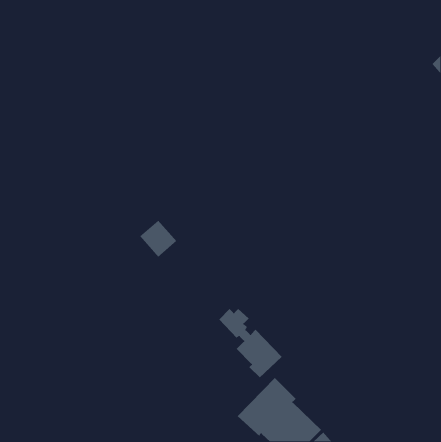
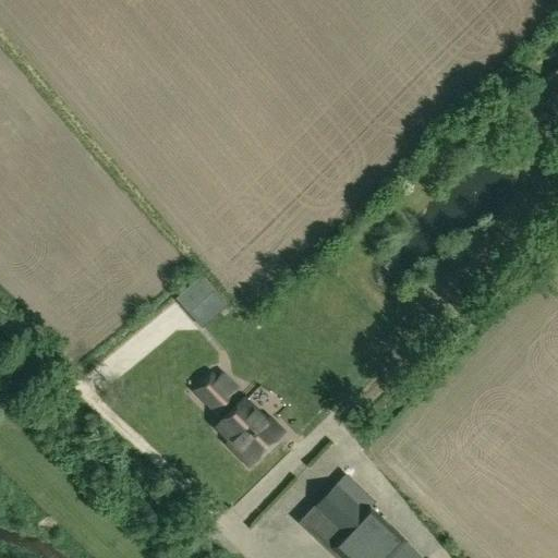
building: [218,308,282,378] -> [196,375,277,463]

